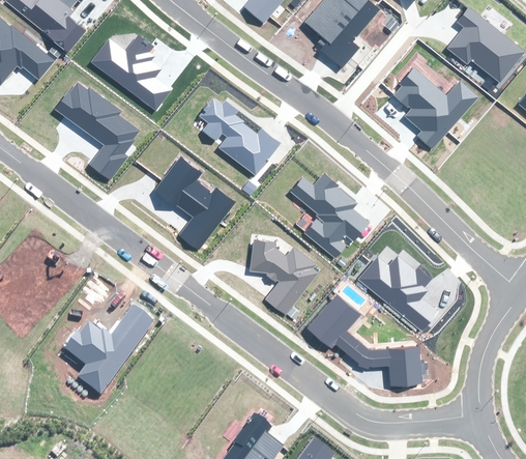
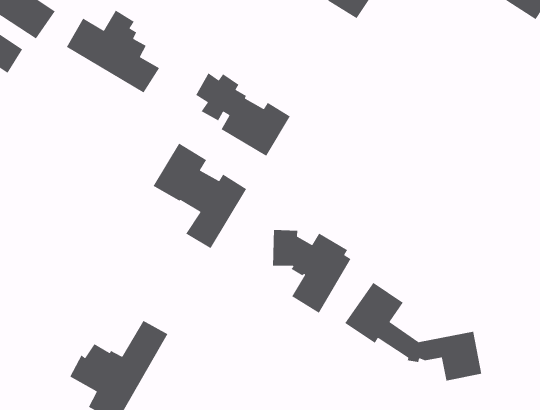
building: [396,68,478,149] -> none
building: [55,83,140,180] -> none
building: [290,174,368,259] -> none
building: [357,255,437,332] -> none

